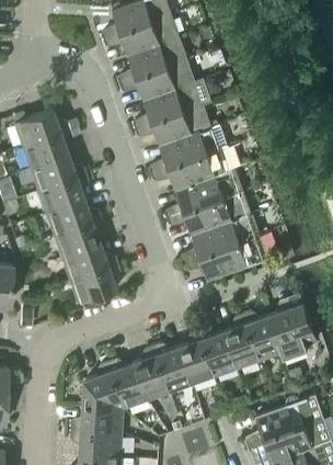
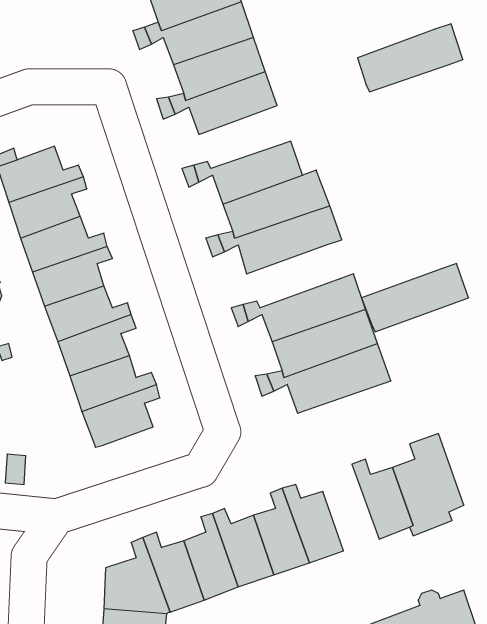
building: [145,80,213,124] -> [358,24,463,92]
building: [175,170,244,214] -> [361,264,469,332]
building: [225,315,261,371] -> none

